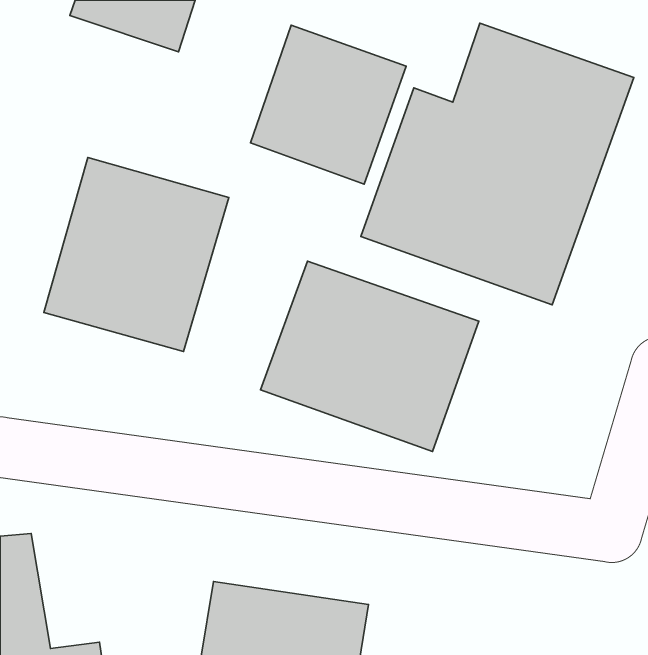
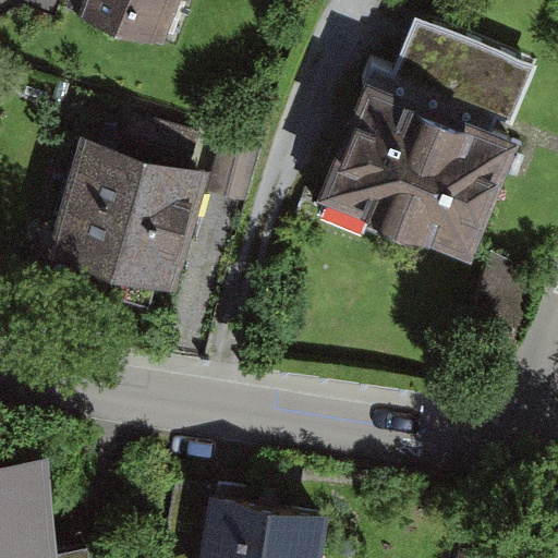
building: [250,25,406,184] -> none
building: [260,261,479,451] -> none

